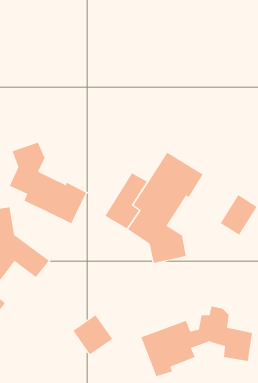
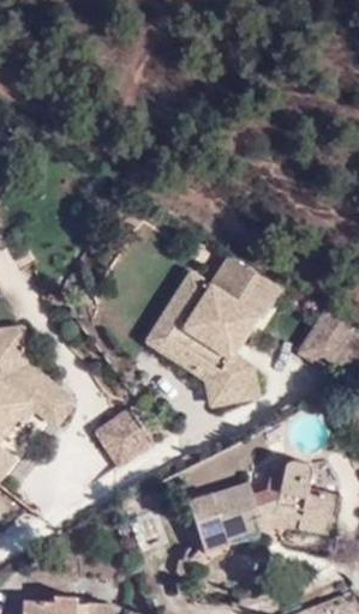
building: [9,142,87,224] -> none
building: [73,315,113,355] -> [95,410,149,464]

